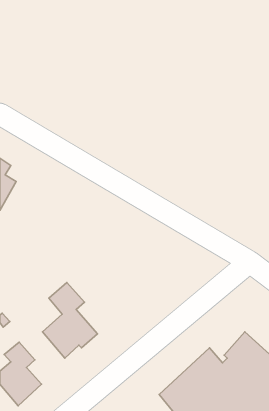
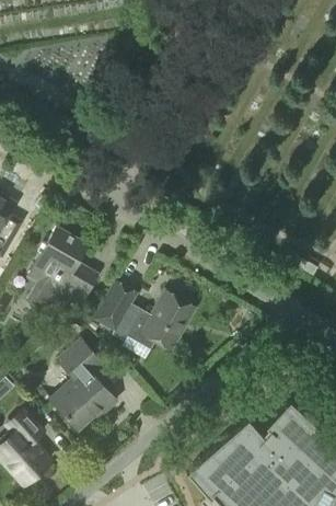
building: none -> [27,228,88,311]
building: none -> [93,280,138,333]
building: none -> [127,291,195,349]

